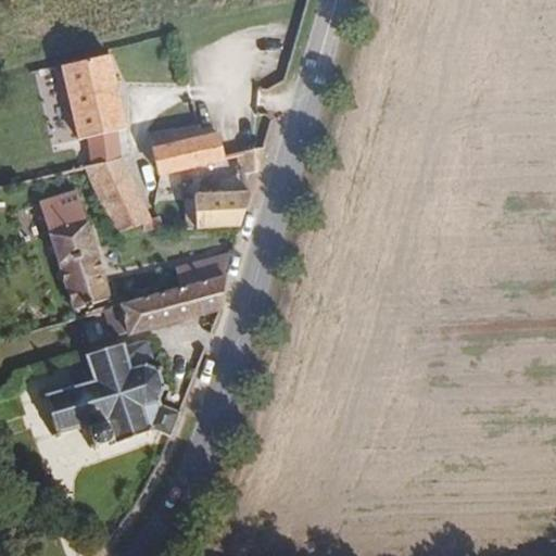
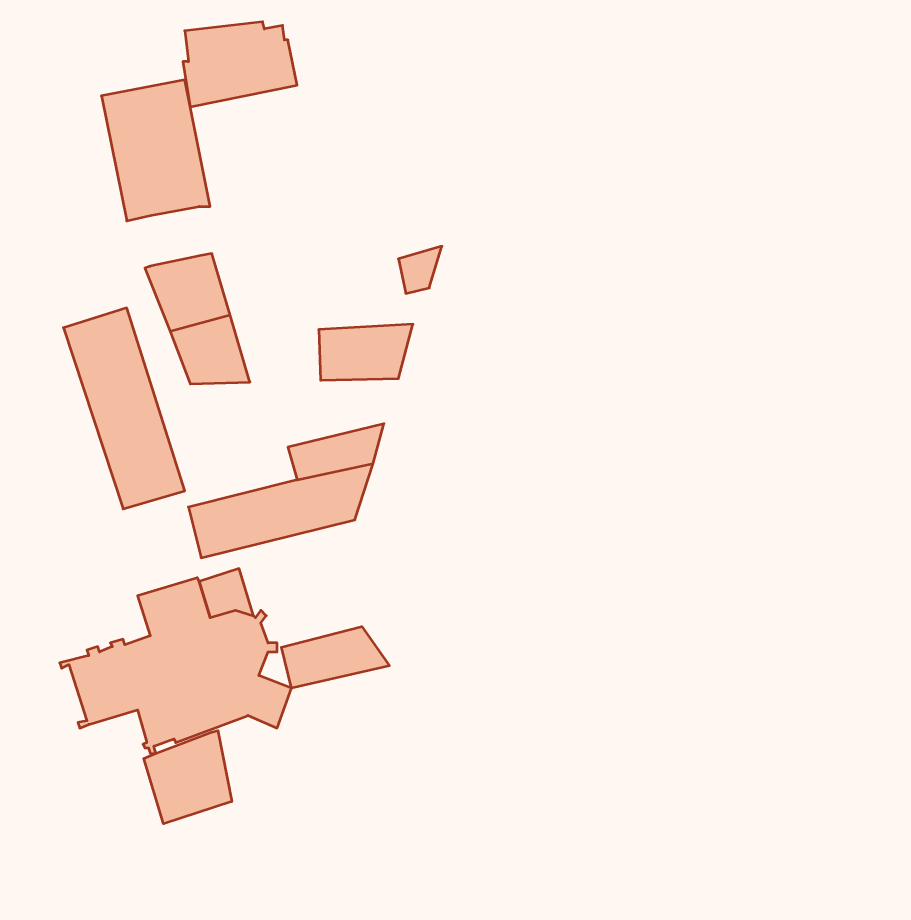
building: [154,122,223,173] -> [183,22,297,107]
building: [90,124,121,160] -> none
building: none -> [281,627,389,688]
building: none -> [144,731,232,824]

